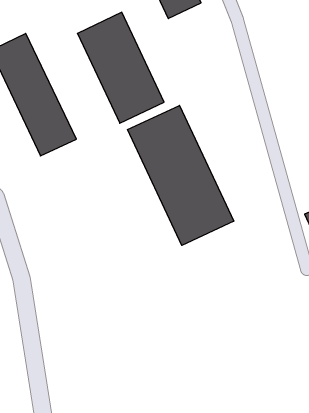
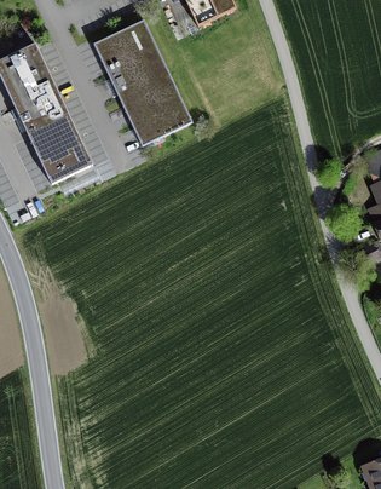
building: [127,105,234,245] -> none

